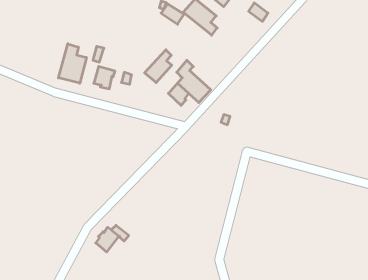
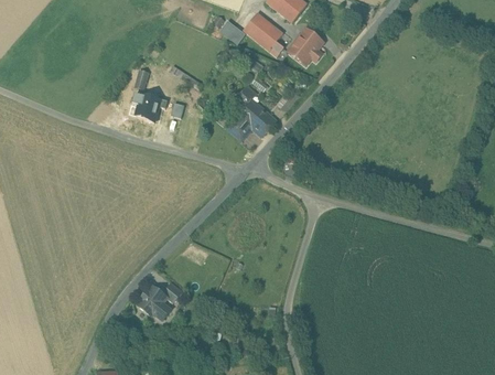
building: none -> [286,29,323,65]
building: [58,44,86,83] -> none
building: [145,50,172,83] -> none

